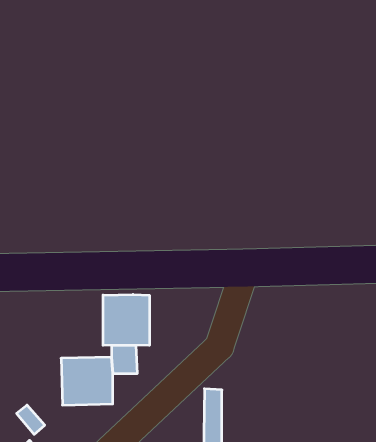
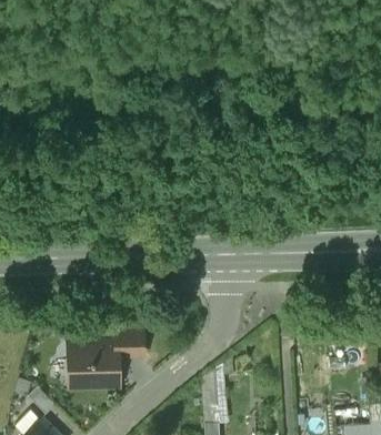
building: [103,294,149,345] -> none

